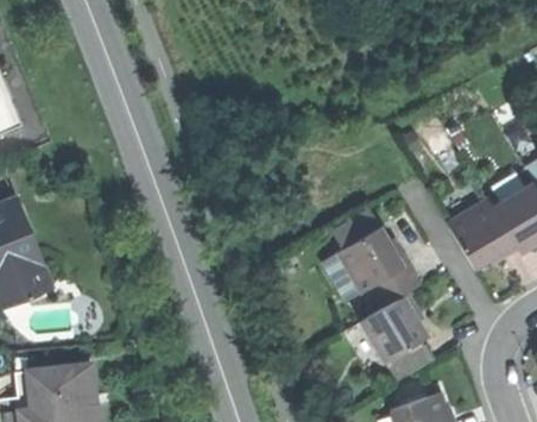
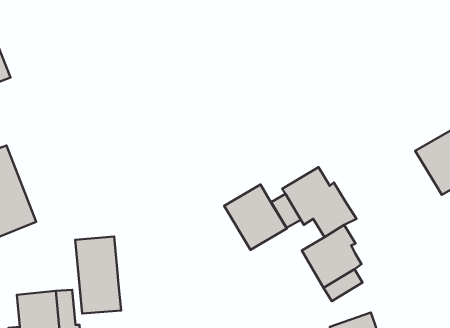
building: [447,200,517,267] -> none
building: none -> [224,184,287,250]
building: none -> [75,236,121,314]

